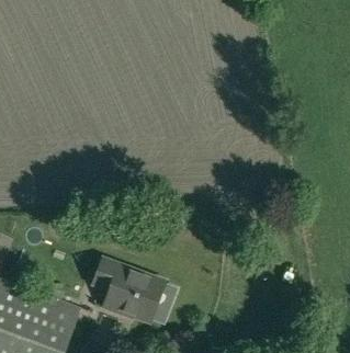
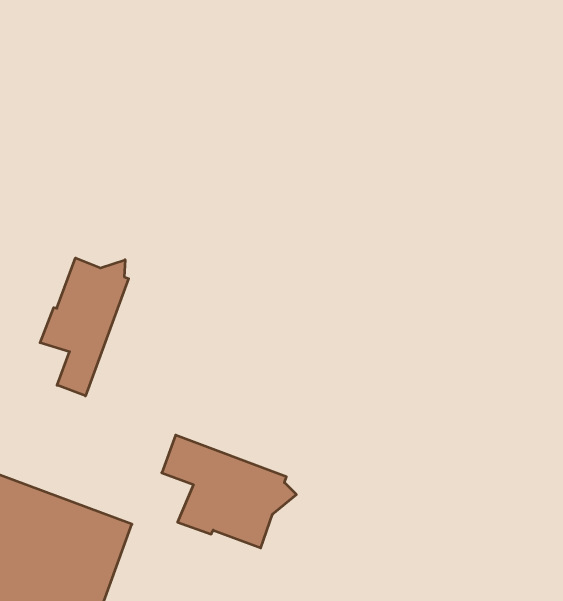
building: none -> [40,258,129,396]

